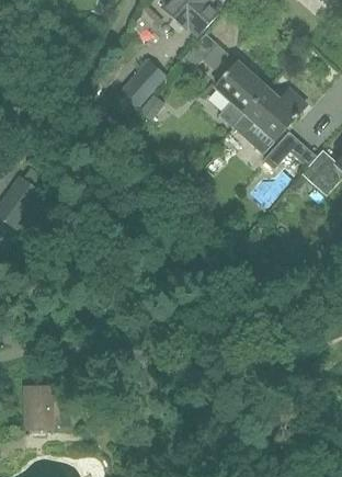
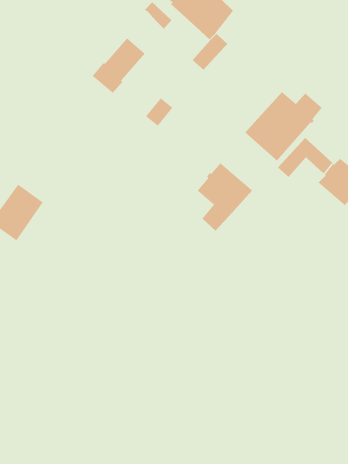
building: [214,61,266,126] -> [197,163,253,231]
building: [109,66,159,118] -> [92,37,145,93]
building: [23,384,53,428] -> none

